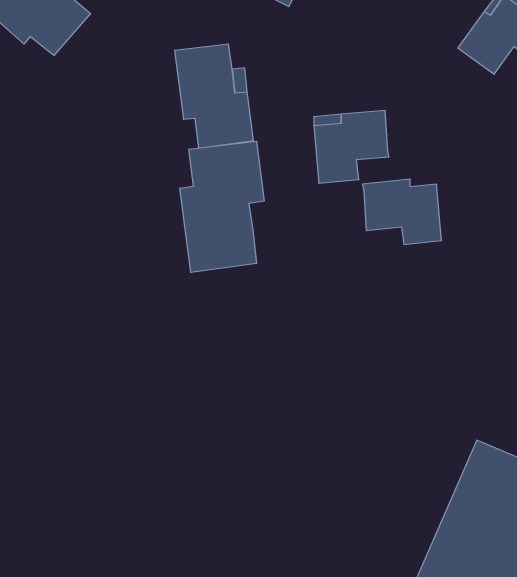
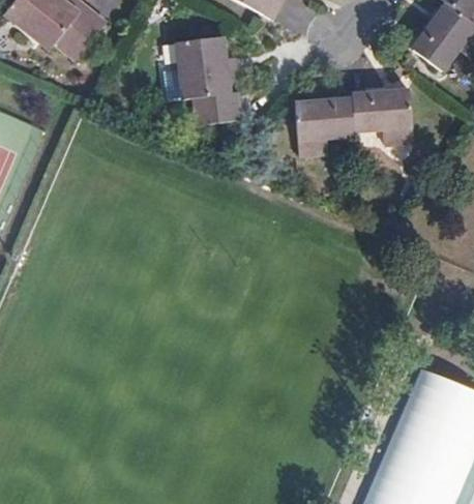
building: [180,141,264,273] -> none
building: [363,179,442,244] -> [349,90,414,144]

